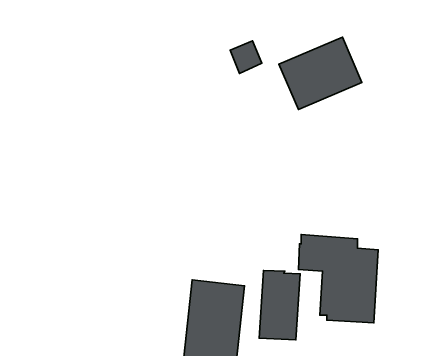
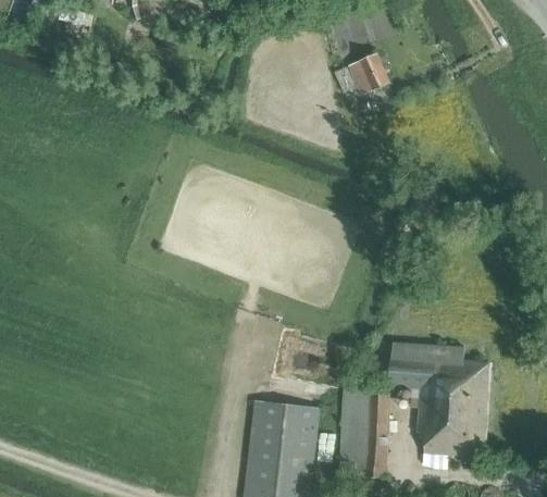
building: [279,37,362,109] -> none
building: [230,41,262,73] -> [348,52,388,94]

